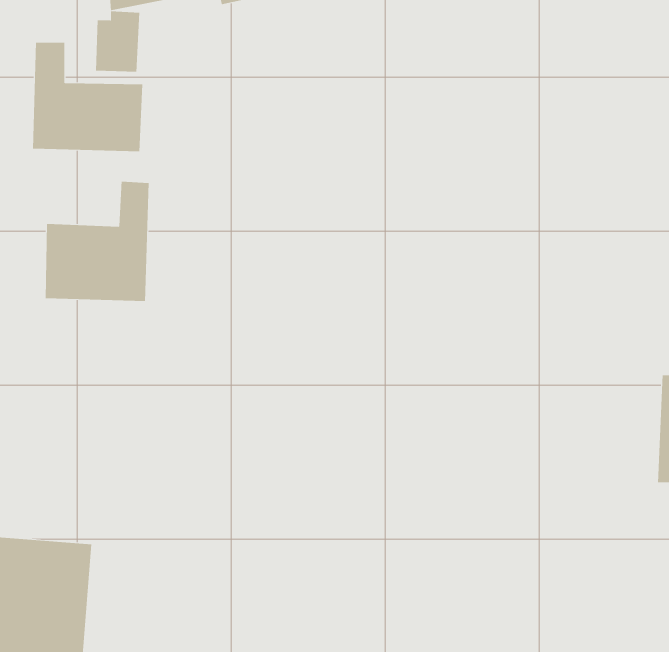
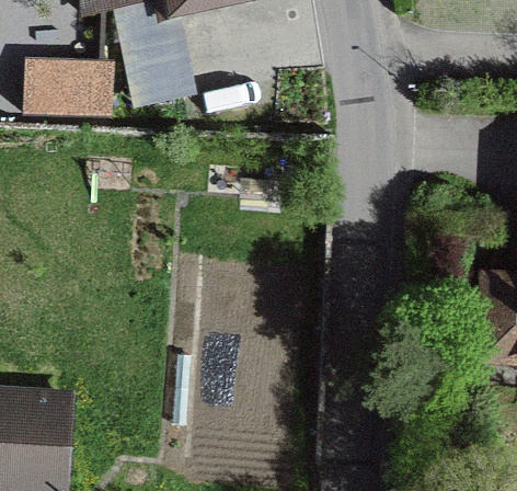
building: [45,181,149,302] -> none

